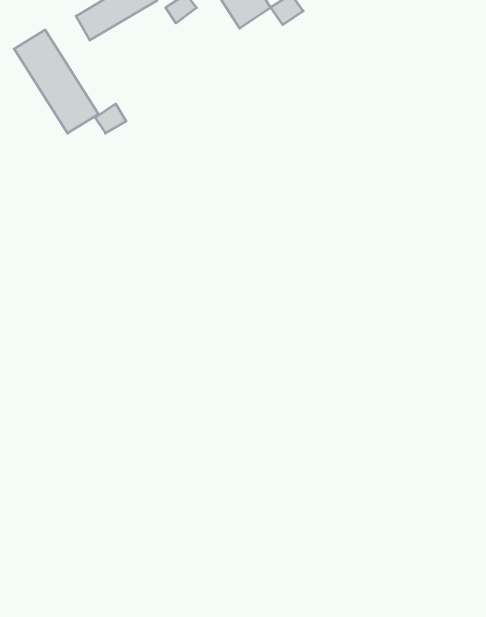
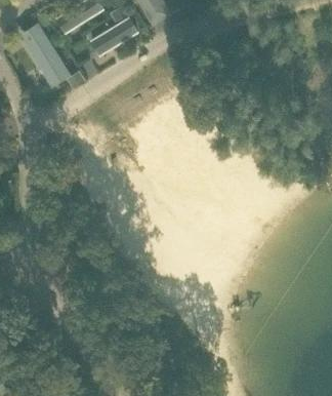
building: none -> [90,17,138,56]

